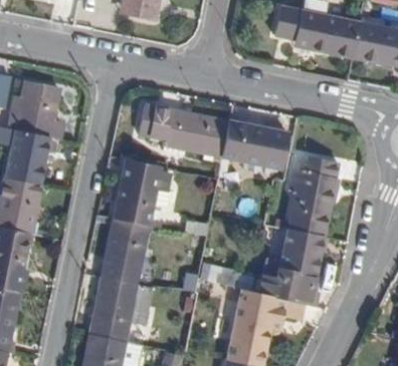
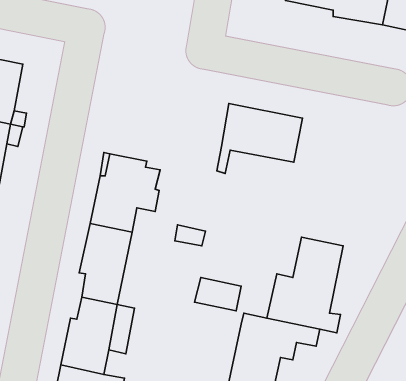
building: [139,103,228,155] -> none
building: [287,156,337,237] -> none

